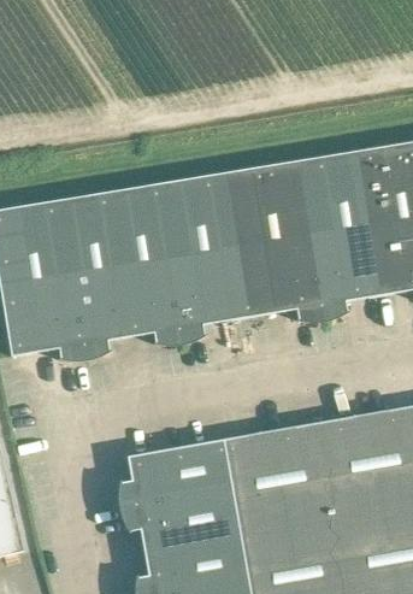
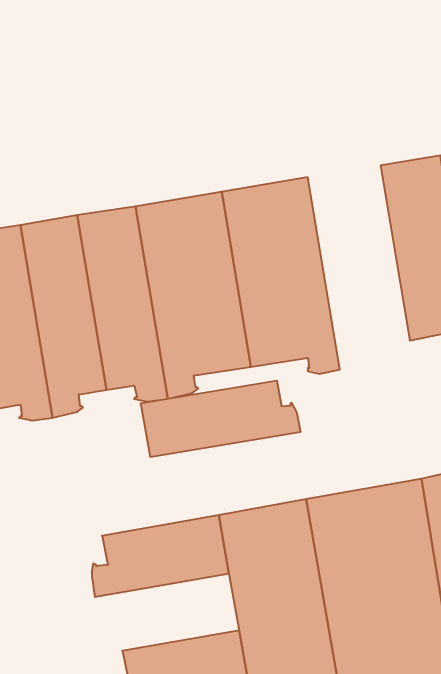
building: [297,151,382,319] -> none
building: none -> [141,381,300,457]
building: [122,488,241,552] -> none

